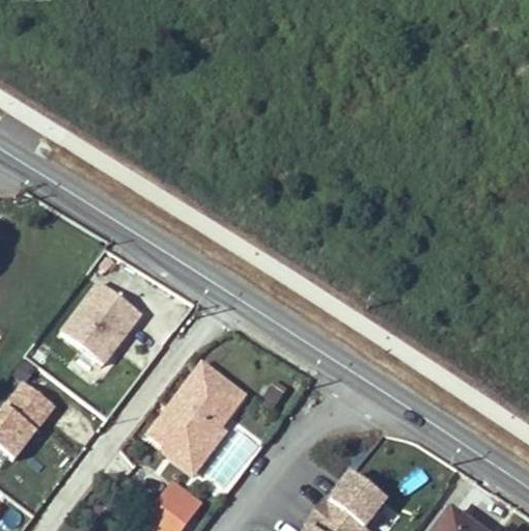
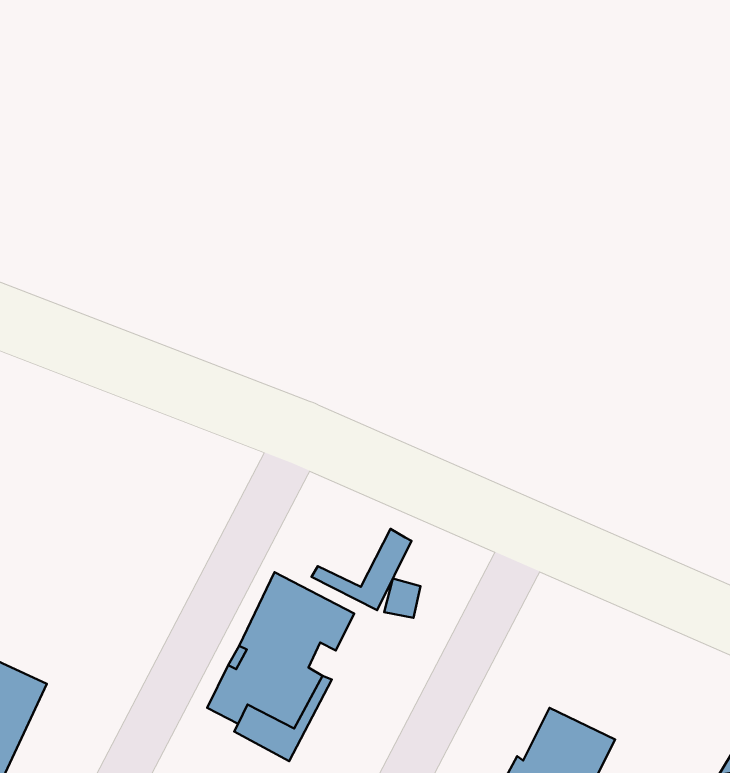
building: [57,280,145,382] -> none
building: none -> [311,529,411,610]

